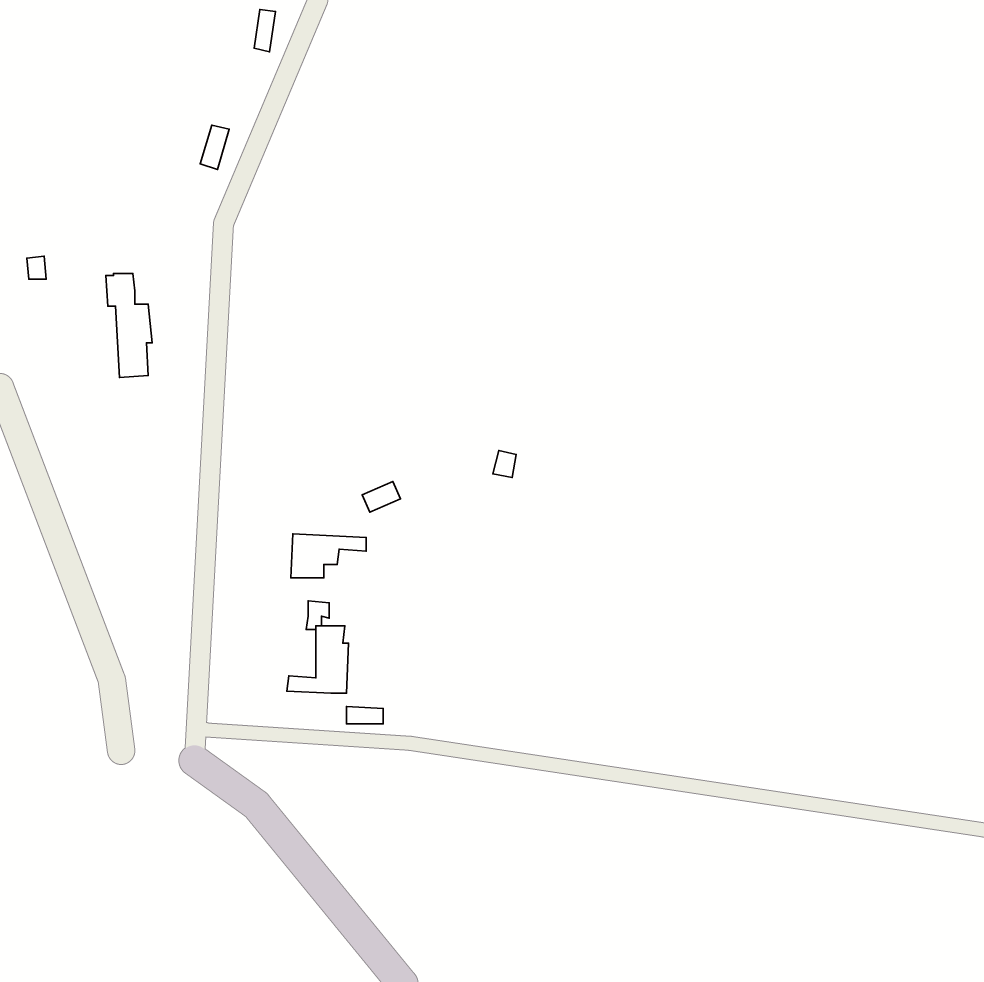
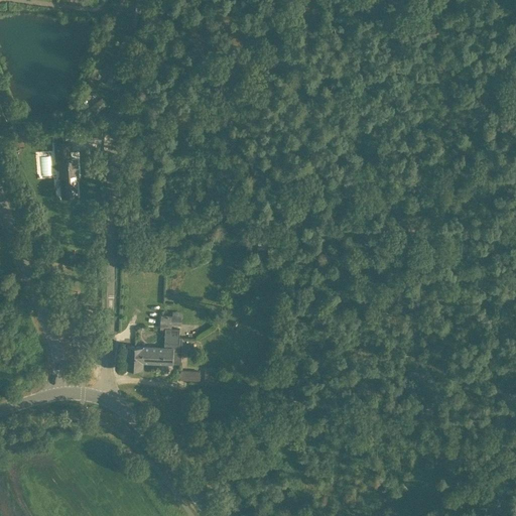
building: [291,534,366,578] -> [126,347,165,370]

